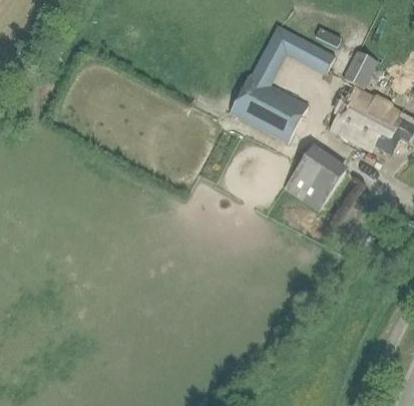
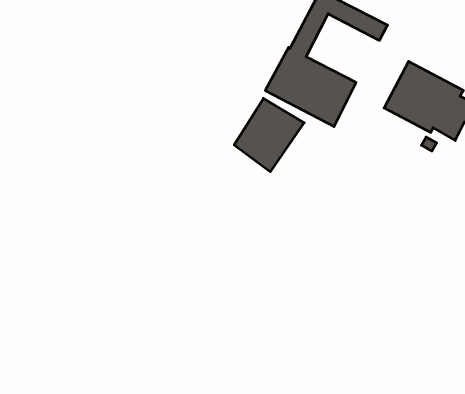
building: [343,50,377,88] -> none
building: [286,147,346,211] -> [234,98,304,172]

